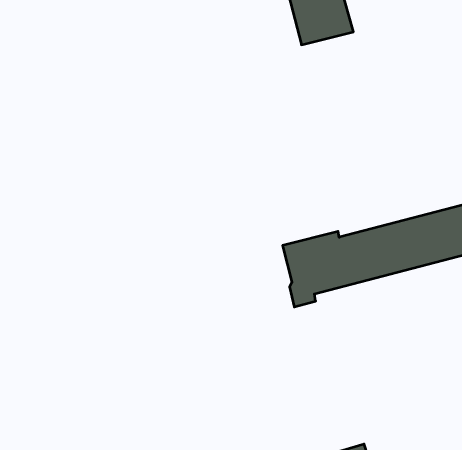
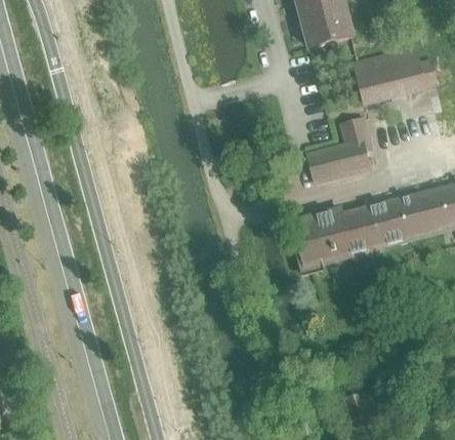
building: none -> [353,47,436,104]
building: none -> [306,117,371,183]

